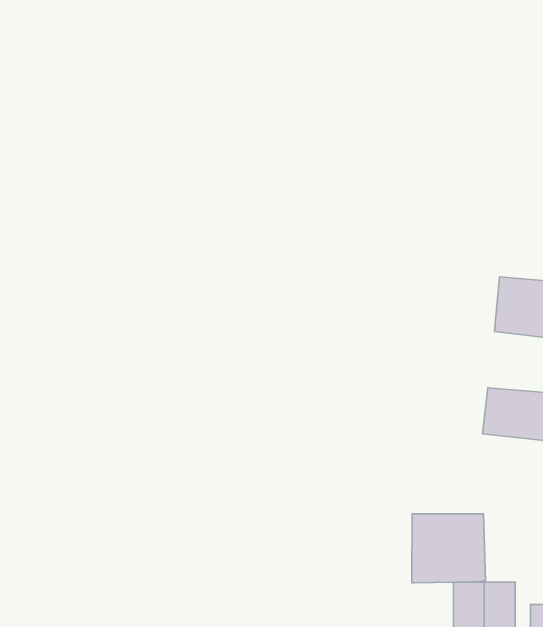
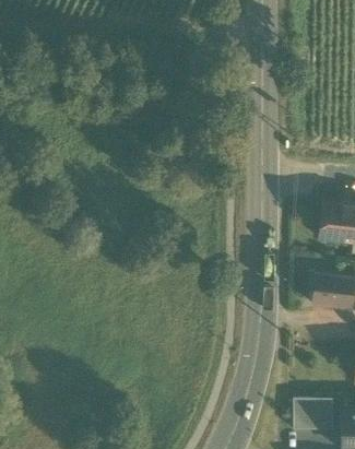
building: [412,514,486,583] -> none

